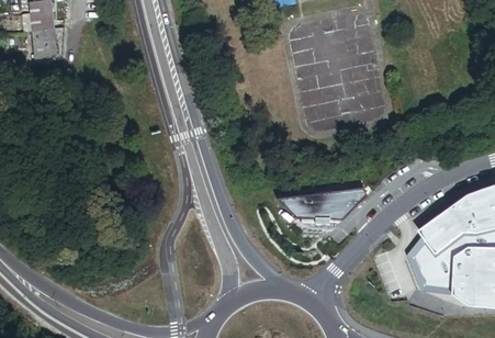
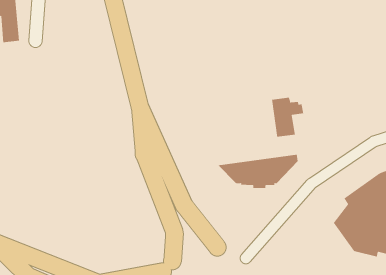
building: none -> [271,97,304,138]

